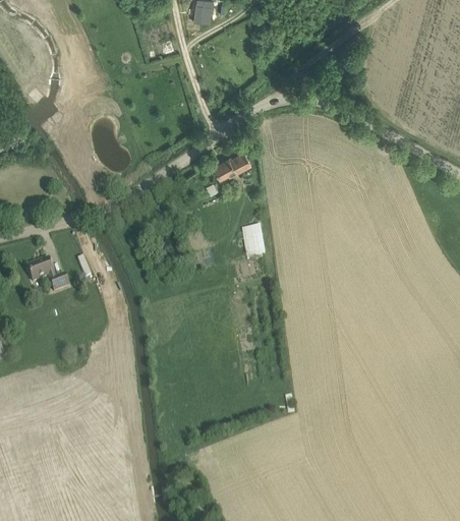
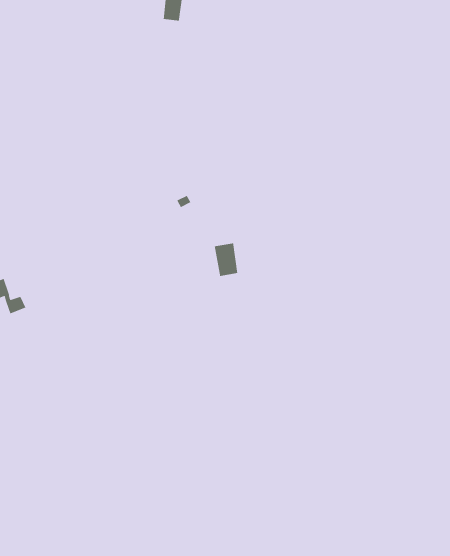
building: [212,151,250,178] -> none

